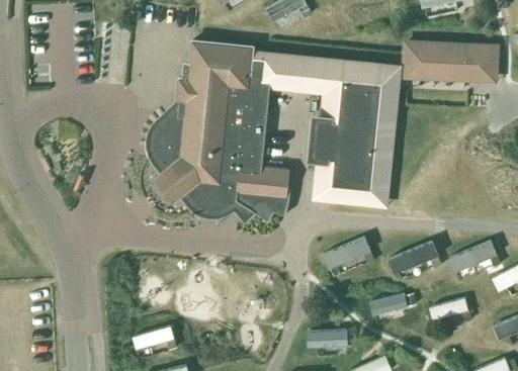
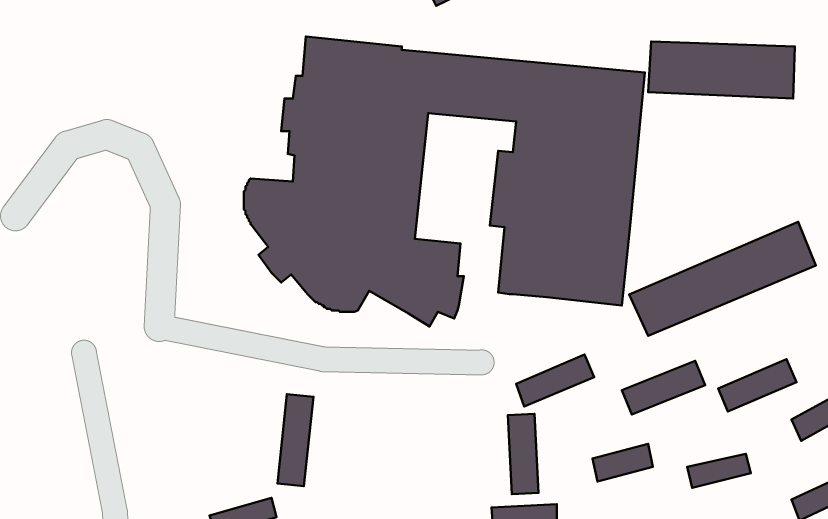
building: none -> [629,222,816,336]
building: none -> [277,394,313,486]
building: none -> [508,414,538,494]

